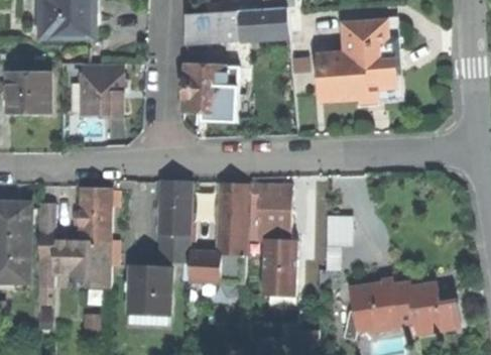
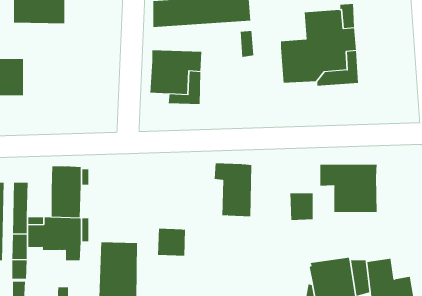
building: [81,64,122,114] -> none
building: [158,180,192,262] -> none
building: [218,183,248,254] -> none
building: none -> [320,164,377,213]
building: [263,239,296,309] -> none

